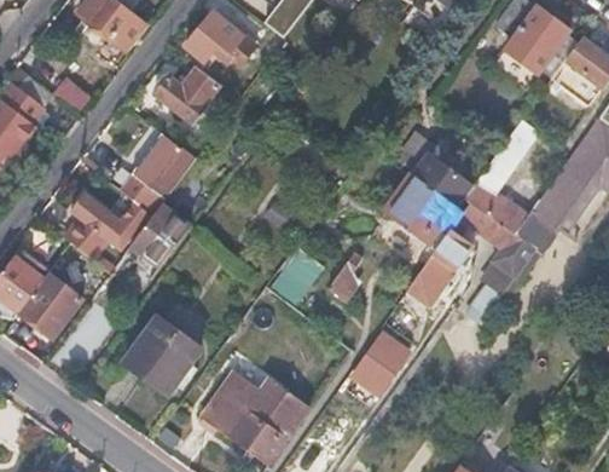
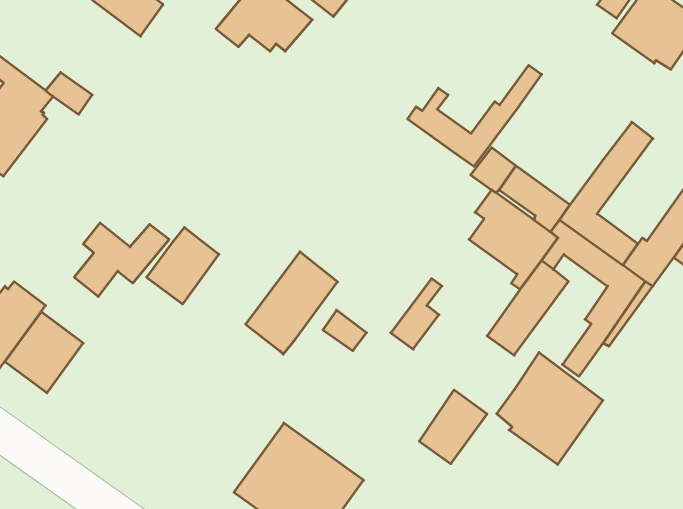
building: [155,67,218,120] -> none
building: none -> [408,65,542,166]
building: [122,133,196,215] -> [246,252,338,354]
building: none -> [497,352,603,465]
building: [123,318,201,396] -> none

